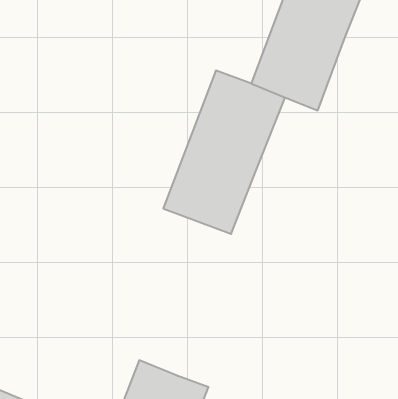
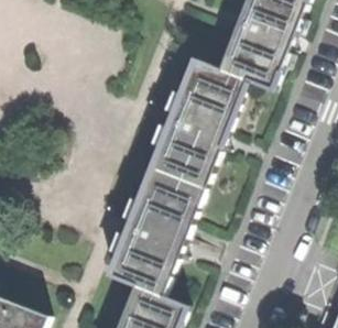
building: none -> [111,165,207,295]

